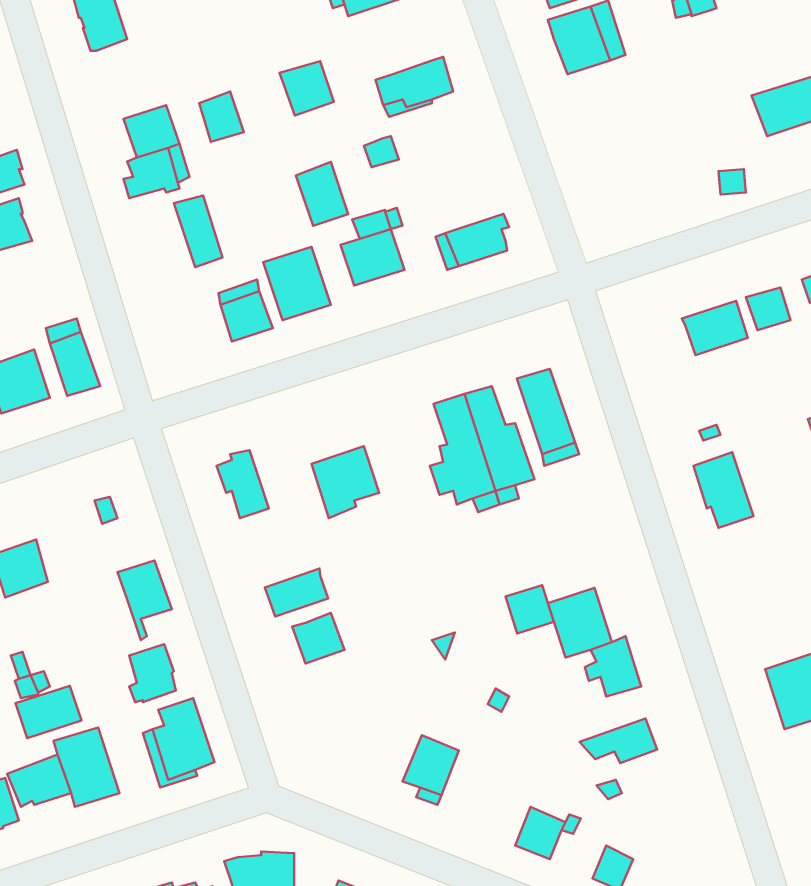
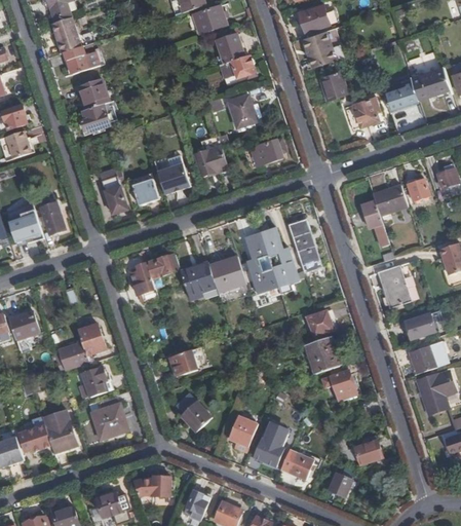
building: [279,61,334,115] -> [214,36,242,65]
building: none -> [323,67,349,98]
building: [199,92,244,142] -> [65,46,88,73]
building: none -> [386,76,420,107]
building: none -> [347,96,382,127]
building: [296,162,348,226] -> [228,95,256,128]
building: [174,195,222,267] -> [101,177,126,215]
building: none -> [362,198,391,246]
building: none -> [207,256,245,293]
building: none -> [145,257,177,279]
building: none -> [408,311,438,337]
building: [265,569,328,616] -> none
building: [505,585,554,633] -> [306,310,332,336]
building: none -> [409,345,436,374]
building: [15,686,81,738] -> [52,343,87,371]
building: none -> [176,392,212,433]
building: [579,719,657,763] -> [340,441,381,464]
building: none -> [254,427,285,467]

